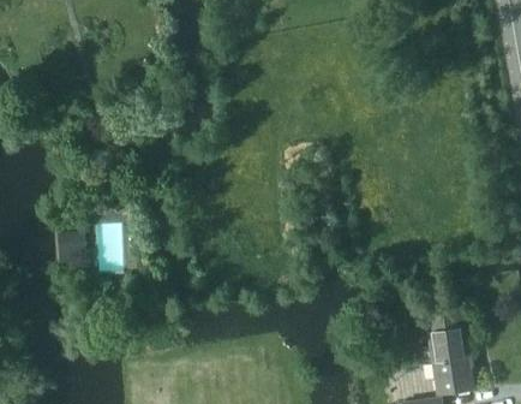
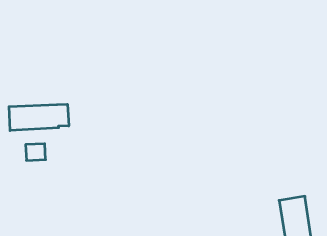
building: none -> [9,104,69,131]

